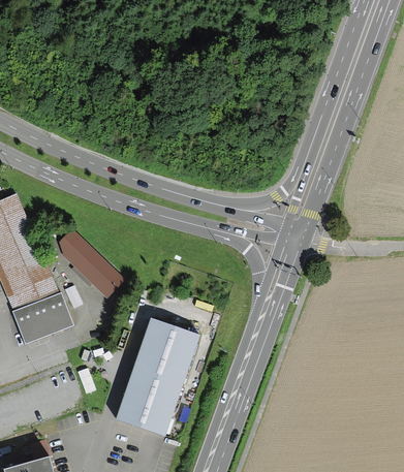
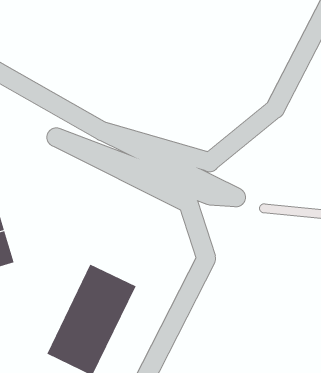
building: [58,227,124,298] -> none

